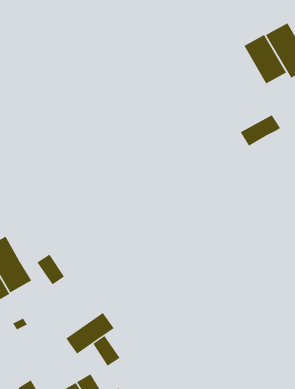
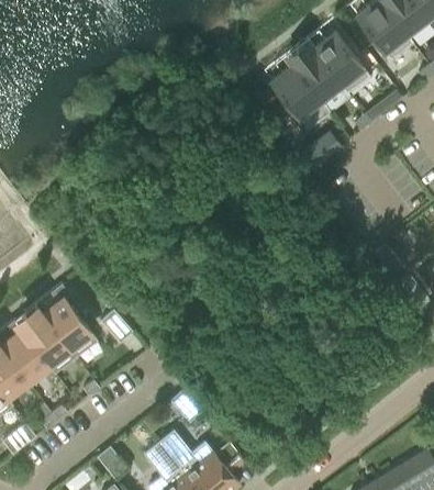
building: none -> [270,62,330,129]
building: [65,312,115,354] -> none

